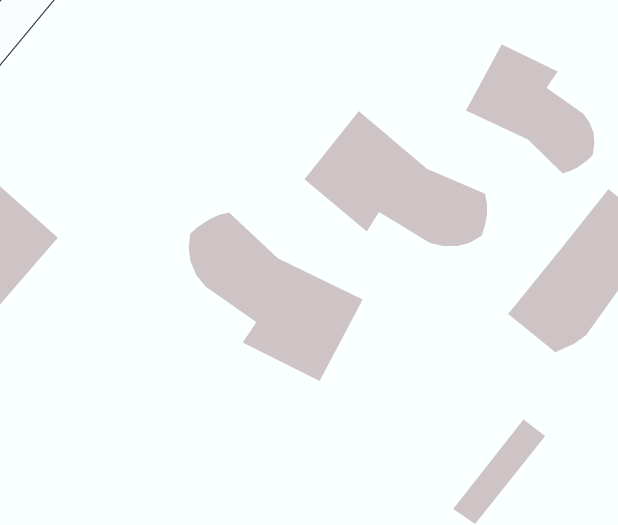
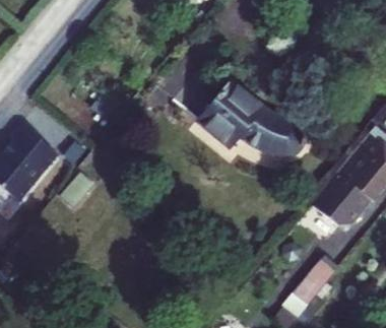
building: [465,44,595,174] -> none
building: [188,212,363,382] -> none

